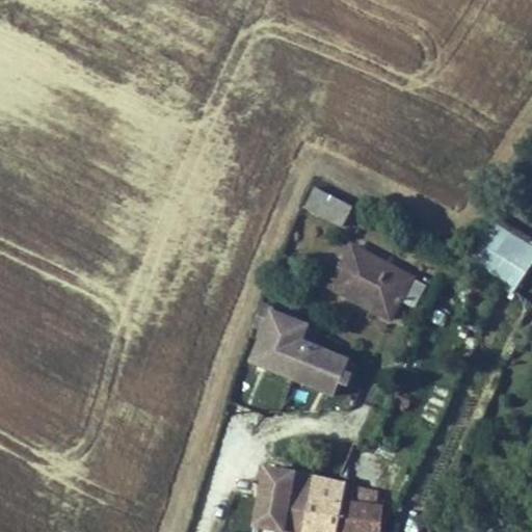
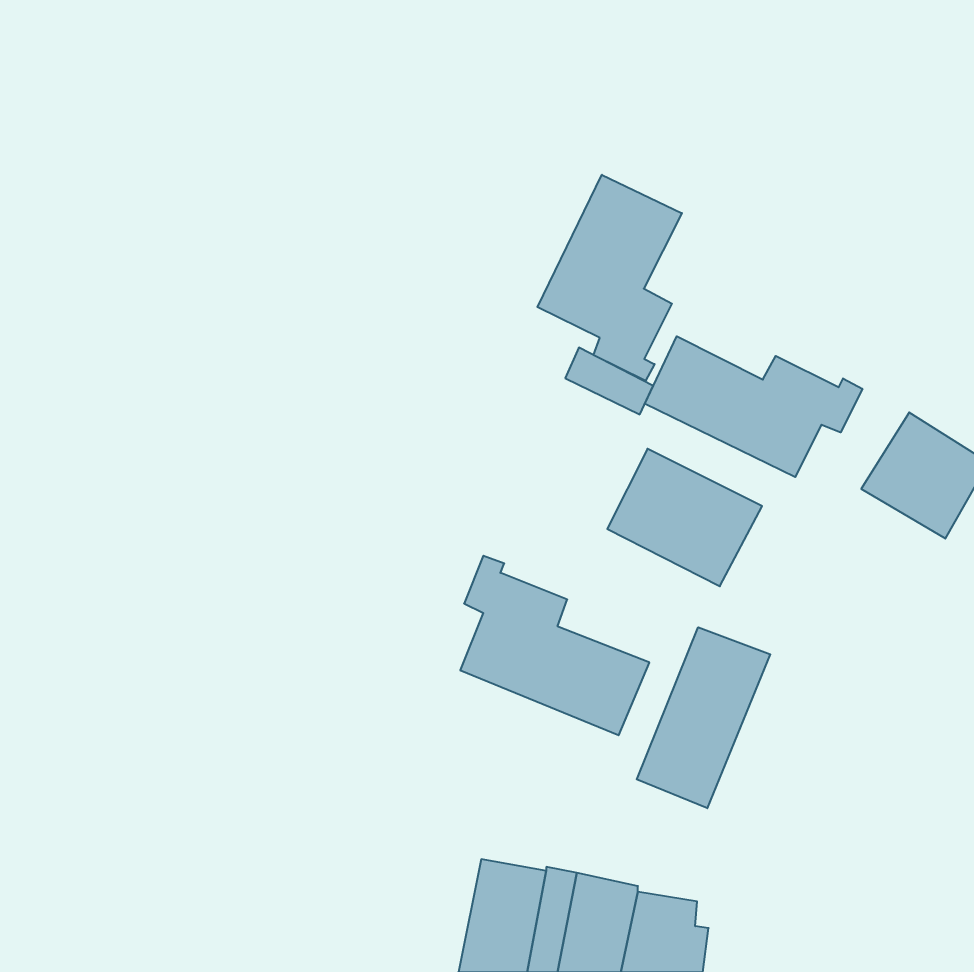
building: none -> [537,175,682,381]
building: none -> [645,336,862,477]
building: none -> [637,627,770,808]

